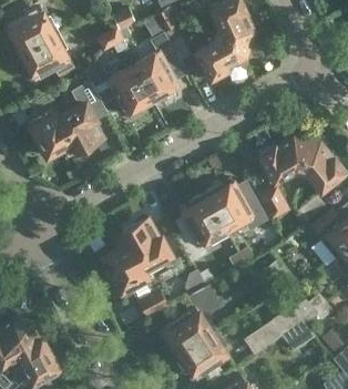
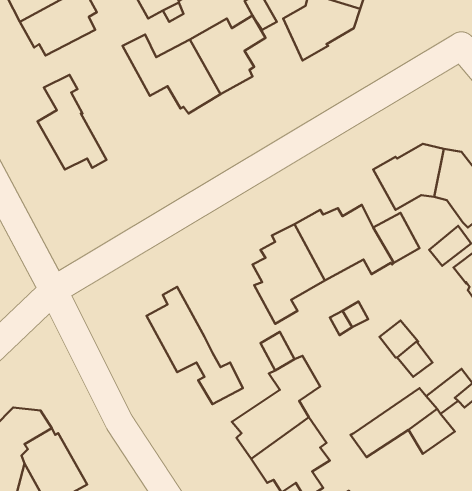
building: [57,82,110,154] -> none
building: [121,219,172,272] -> none

